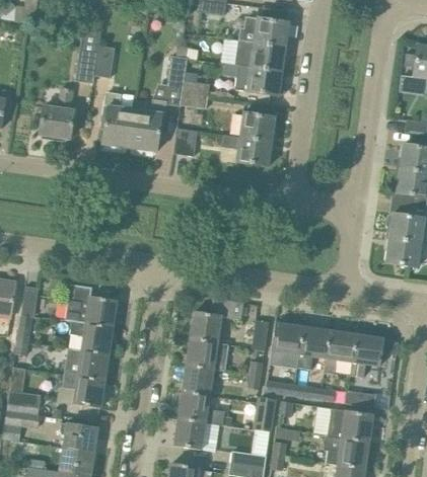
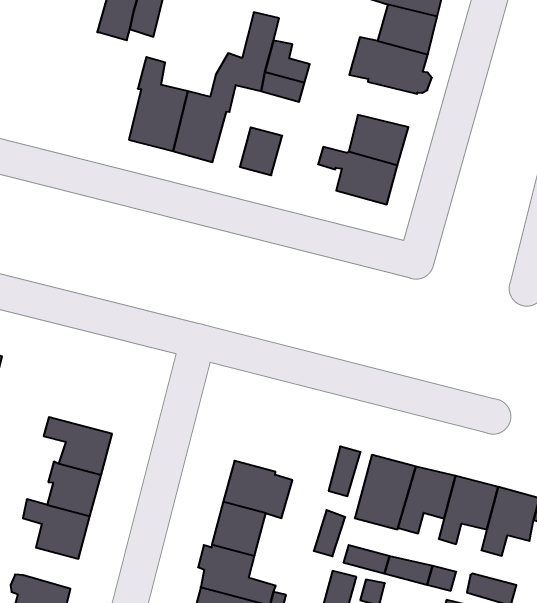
building: [40,88,74,140] -> none
building: [66,284,117,328] -> none
building: [191,298,243,340] -> none

